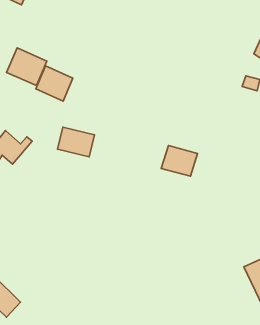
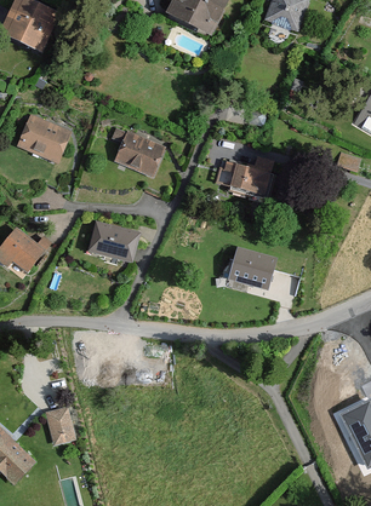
building: [36,66,73,101] -> [113,130,164,178]
building: none -> [216,155,273,195]
building: none -> [46,406,78,445]

